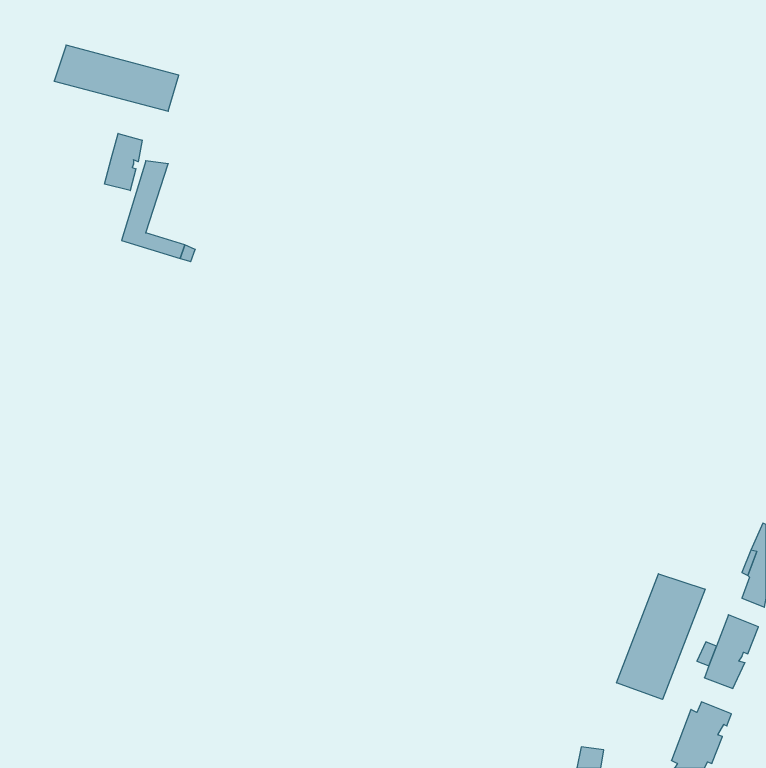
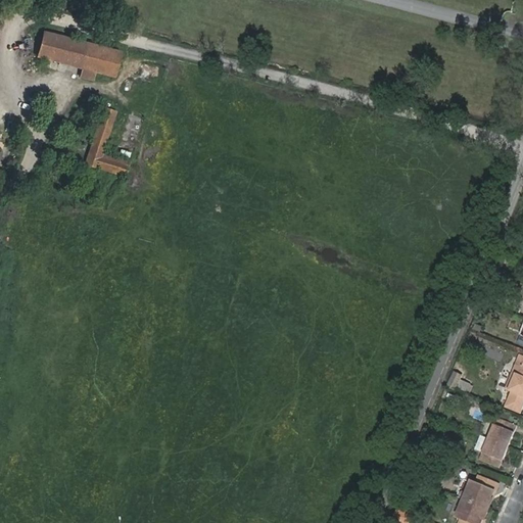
building: [105,133,142,191] -> none
building: [617,574,705,699] -> none

